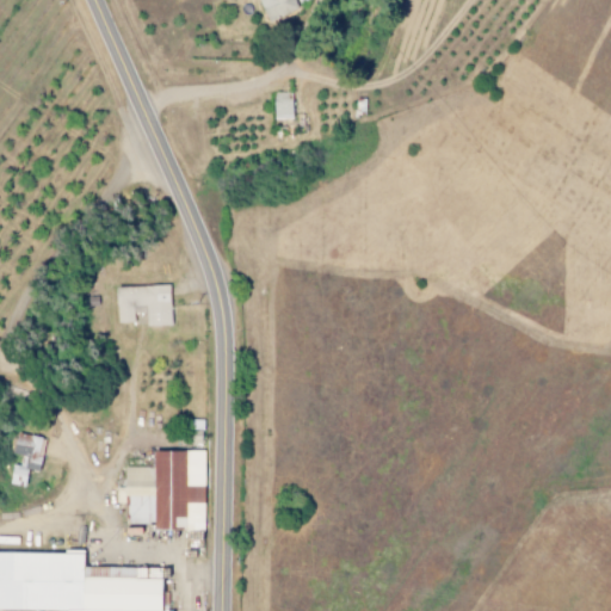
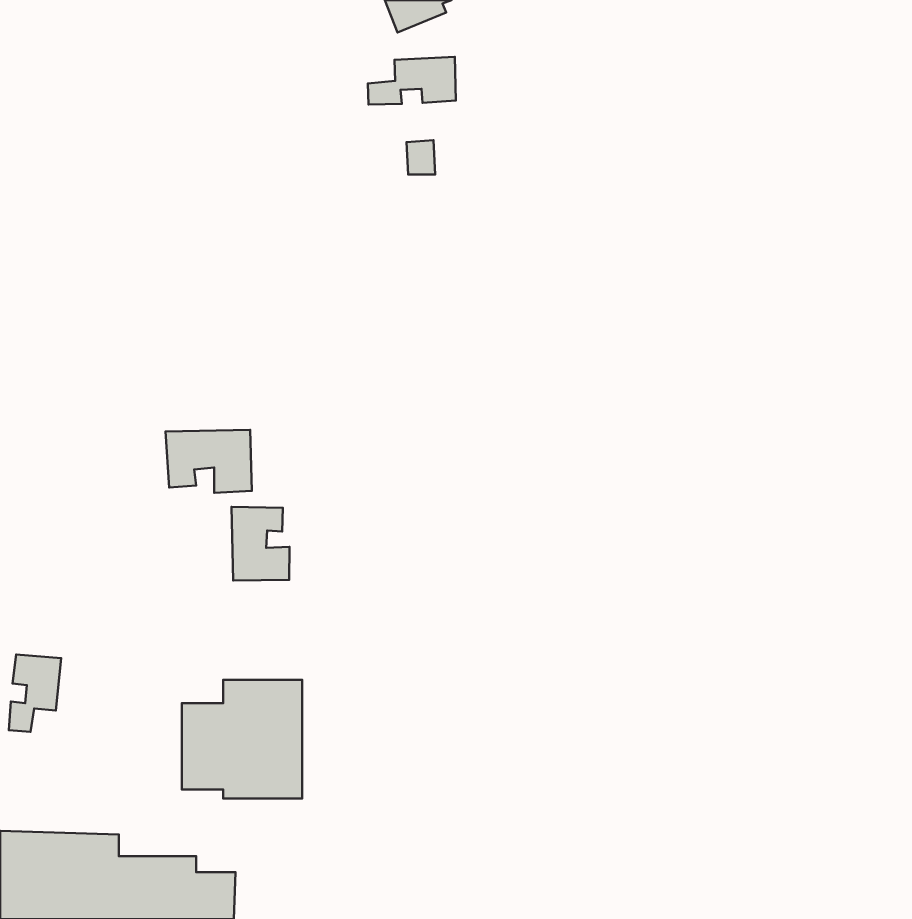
building: none -> [368,57,456,104]
building: none -> [231,507,289,580]

